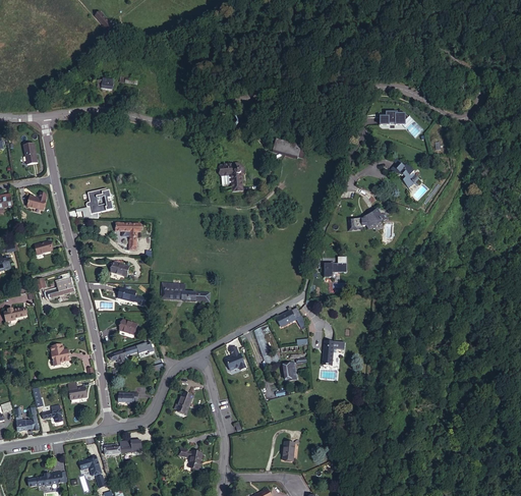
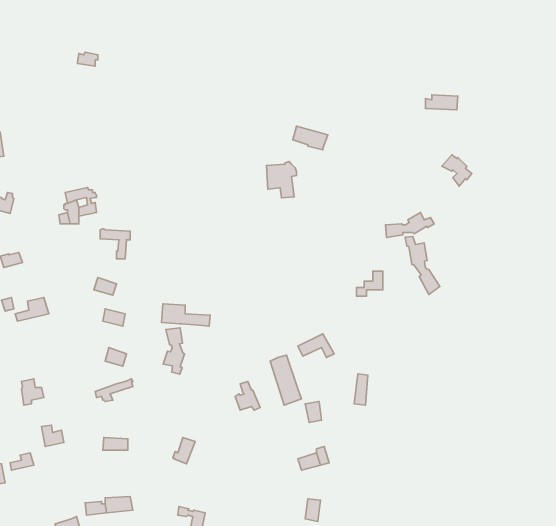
building: [221,162,245,191] -> [267,162,297,198]
building: none -> [405,236,440,294]
building: none -> [163,328,185,374]

